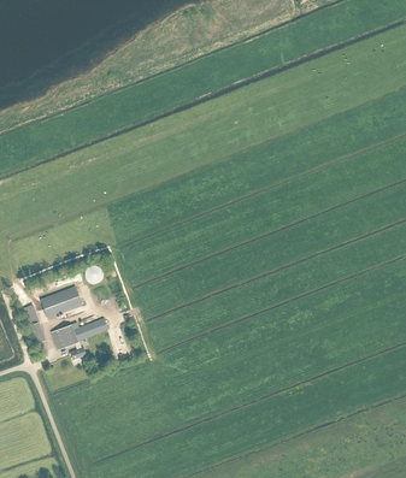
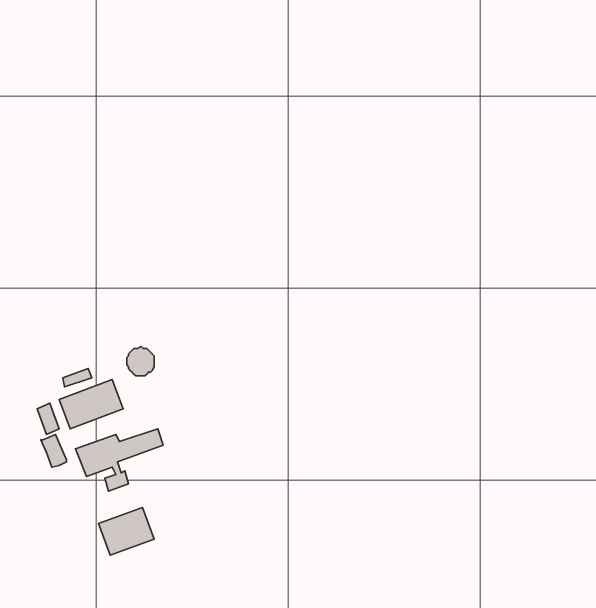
building: none -> [99,507,154,555]

